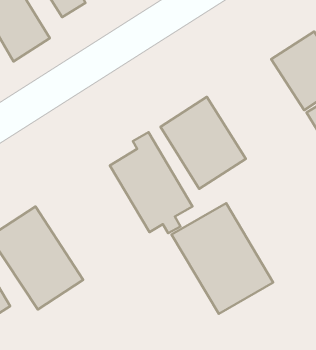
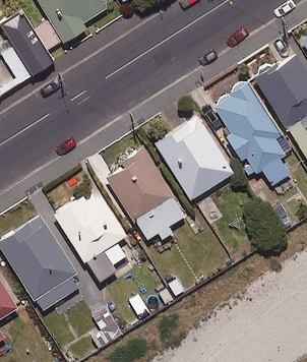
building: none -> [210,81,292,186]
building: none -> [54,188,126,283]
building: [172,203,273,314] -> none

